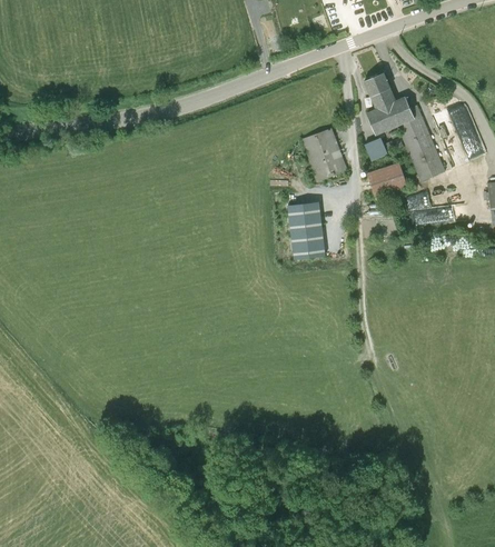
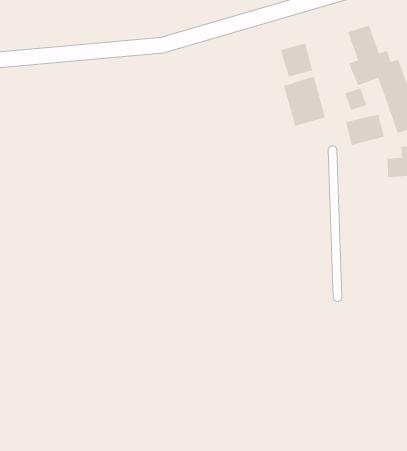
building: none -> [280,43,313,77]
building: [287,201,324,256] -> none

